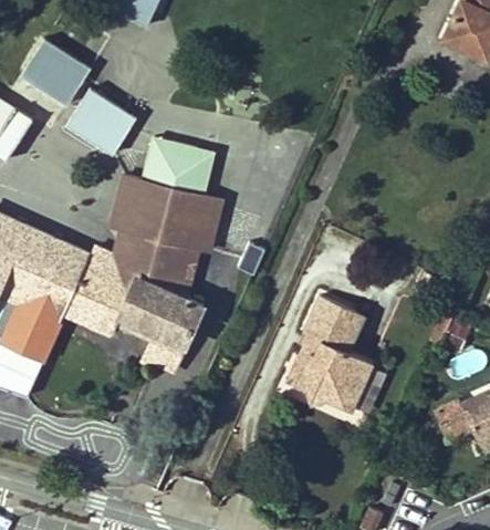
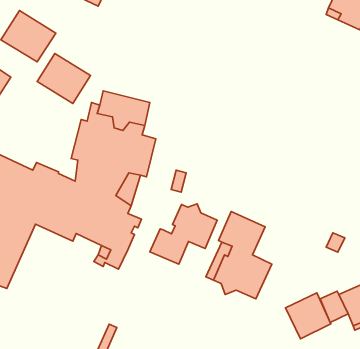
building: none -> [150,204,217,264]
building: none -> [286,293,331,339]

